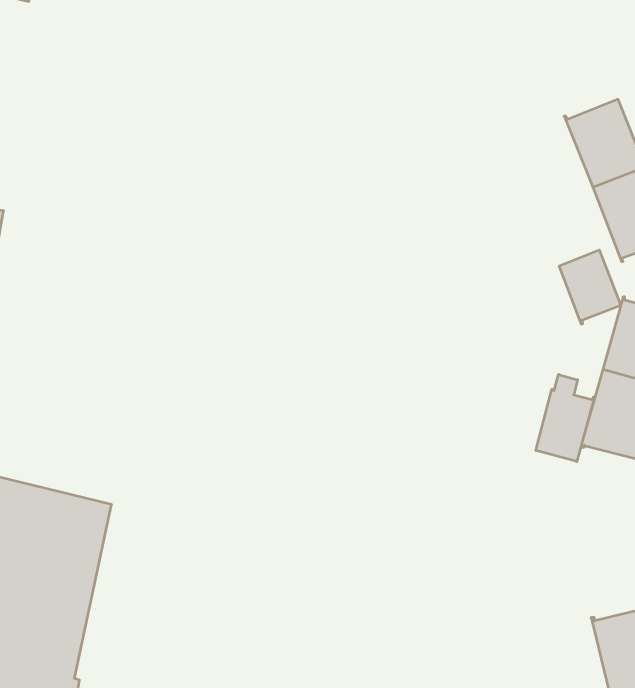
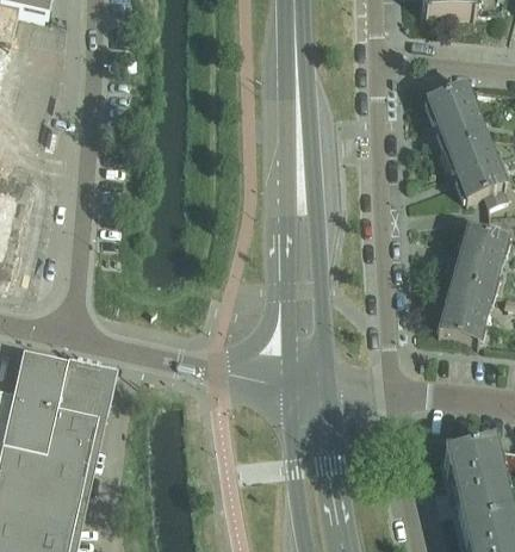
building: [559,250,621,324] -> none
building: [536,374,594,462] -> none

